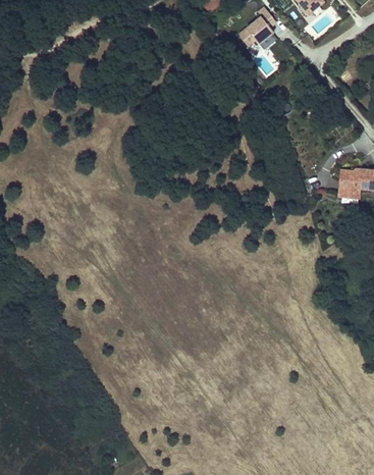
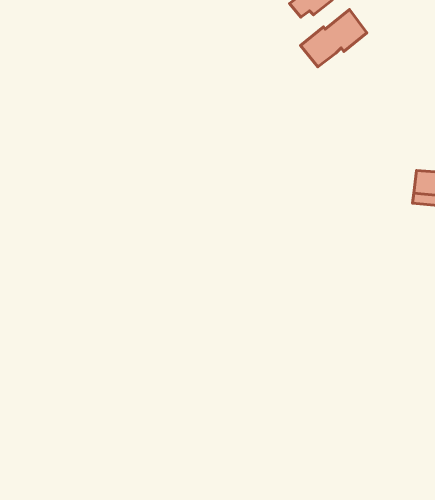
building: none -> [300,9,367,67]

